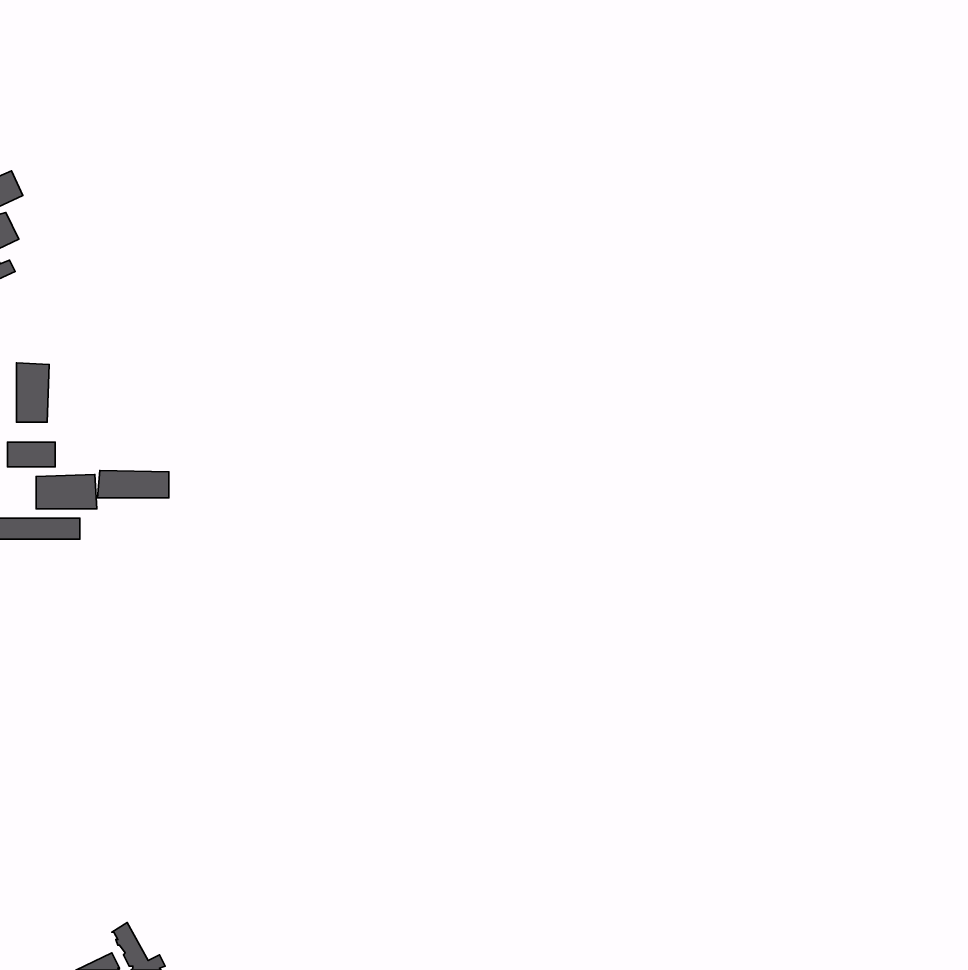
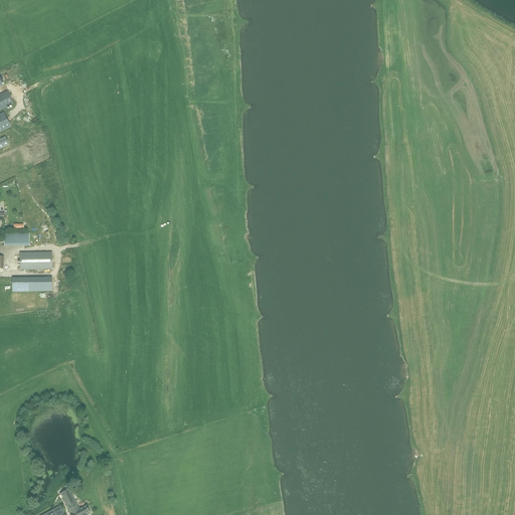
building: [17,363,49,422] -> none
building: [97,470,169,498] -> none

